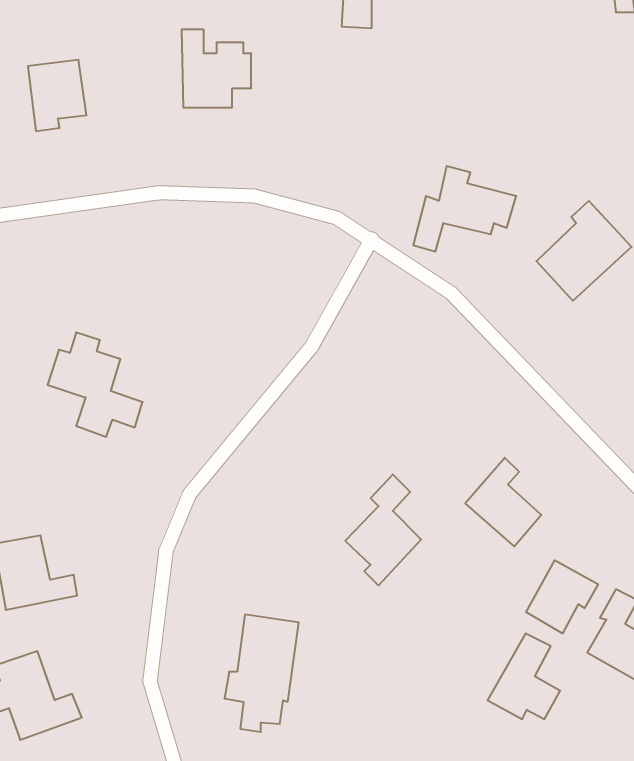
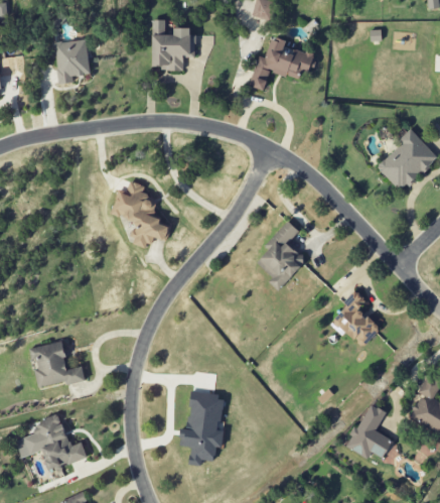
building: [413,166,516,252] -> [250,35,315,90]
building: [48,332,143,437] -> [111,180,171,247]
building: [345,474,421,585] -> [257,220,305,290]
building: [526,560,598,634] -> none

